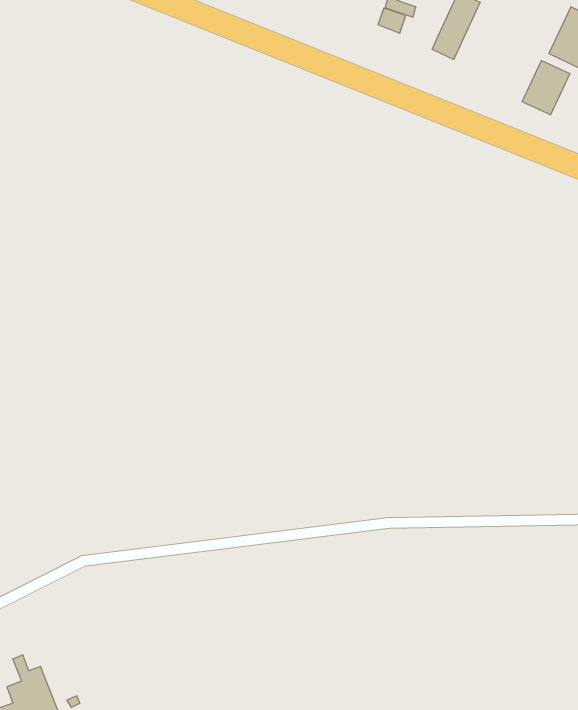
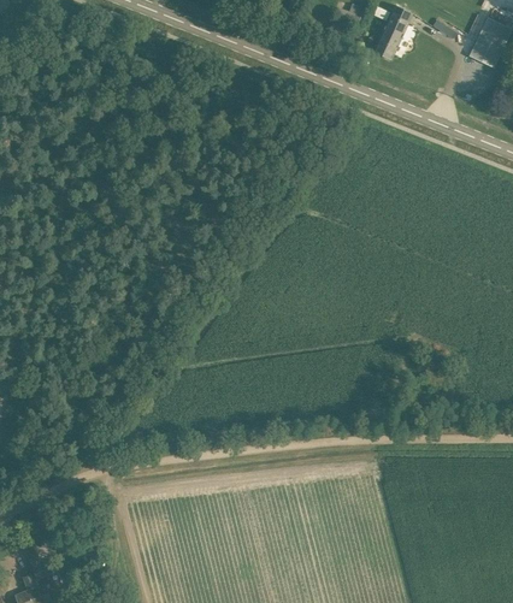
building: [522,61,570,115] -> none

